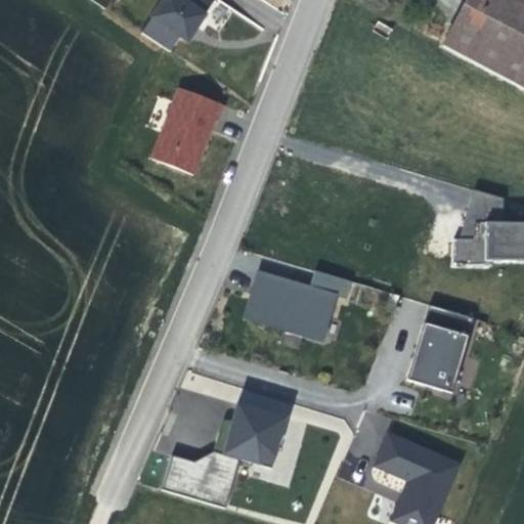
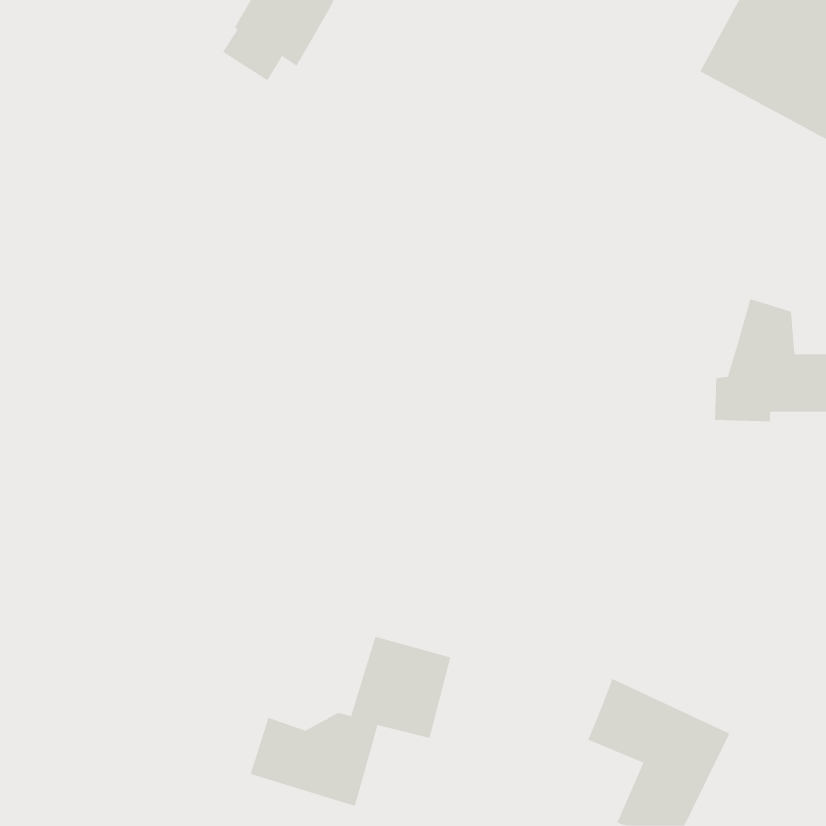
building: [152,88,224,175] -> none
building: [245,267,354,340] -> none
building: [409,303,475,392] -> none

